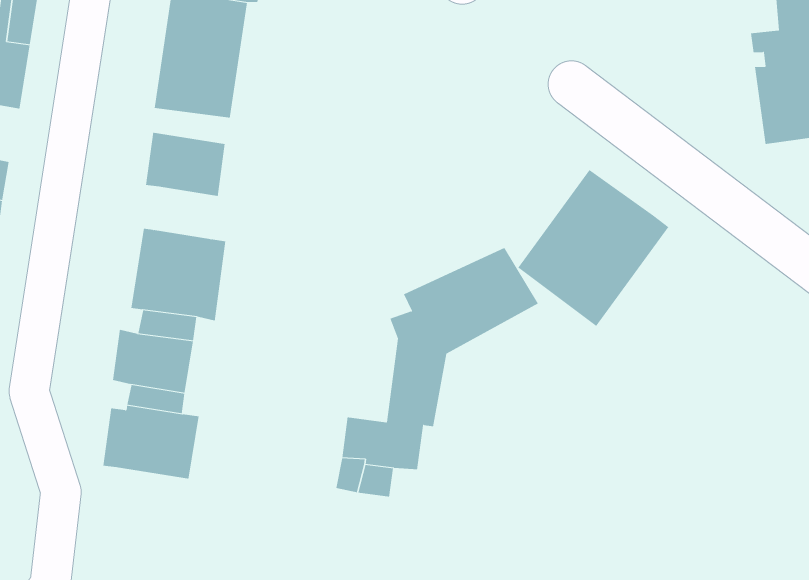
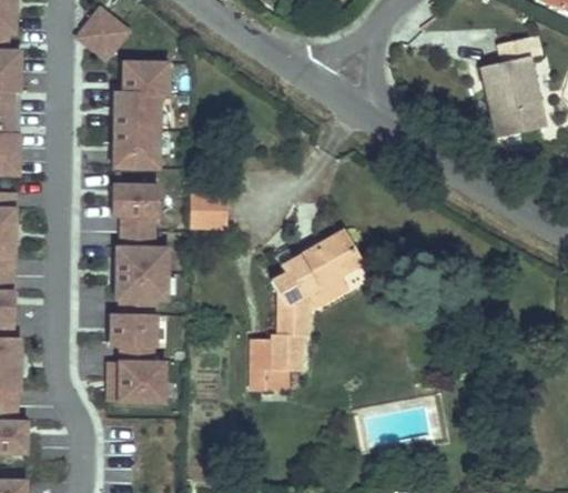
building: none -> [194,191,226,227]
building: [517,169,669,327] -> none
building: none -> [118,217,156,245]

